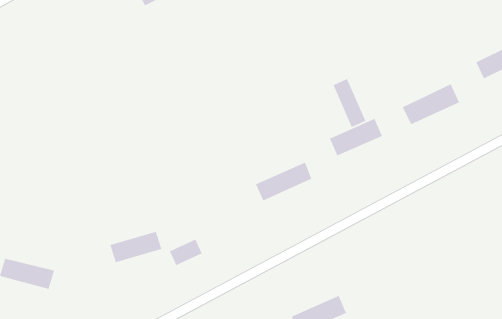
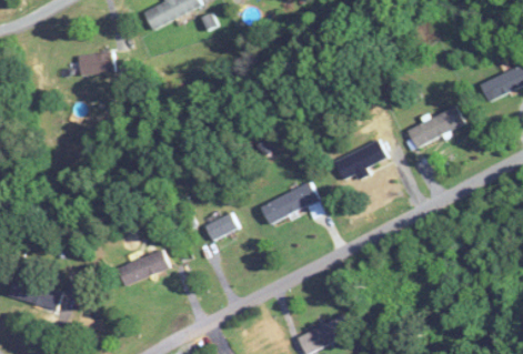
building: none -> [77,53,112,74]
building: [333,78,366,128] -> none
building: [169,239,203,266] -> [203,214,237,241]

